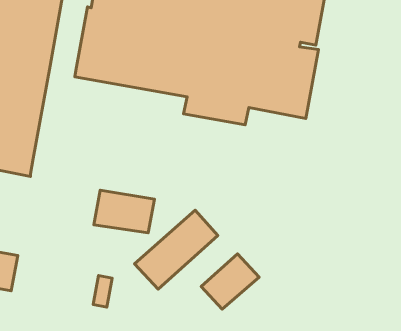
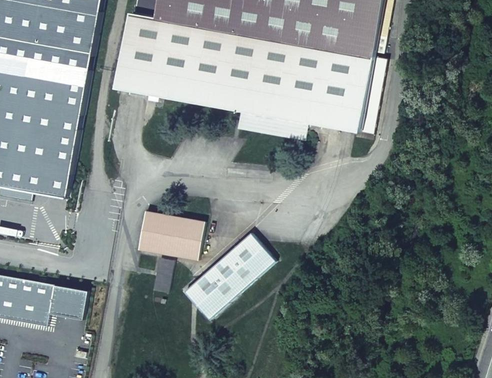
building: [201,254,259,309] -> none
building: none -> [47,285,85,319]
building: [93,275,112,307] -> [150,258,171,293]

